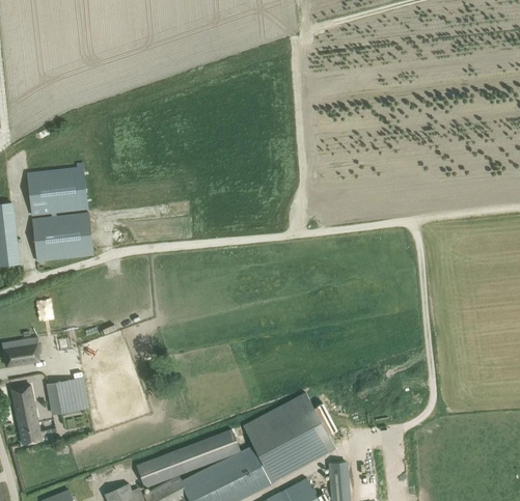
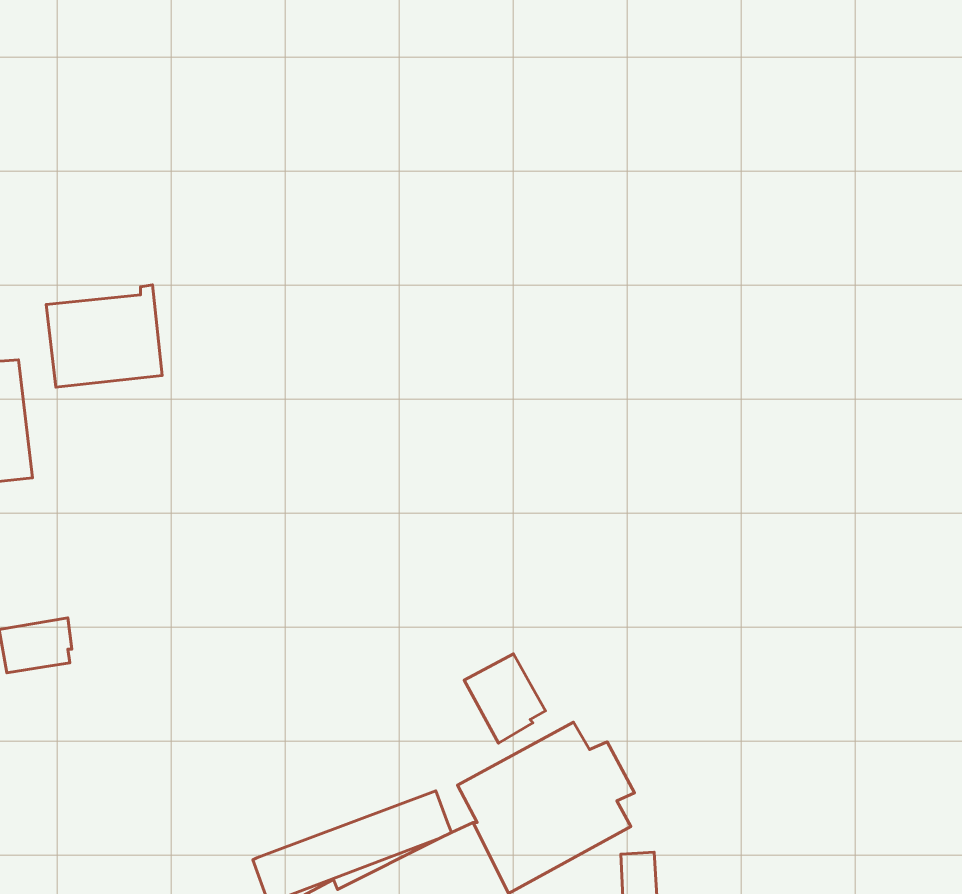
building: [33,213,93,261] -> none
building: none -> [464,654,546,743]
building: [49,378,89,414] -> none
building: [11,384,42,443] -> none

